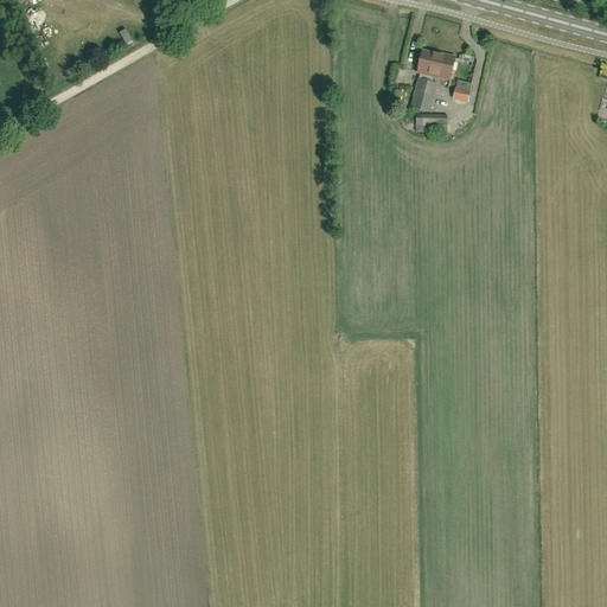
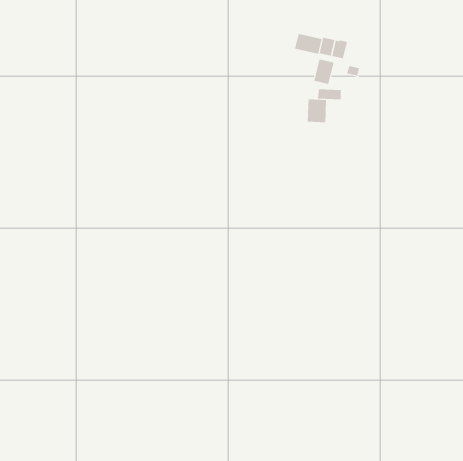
building: none -> [295,33,322,55]
building: none -> [307,98,327,123]

